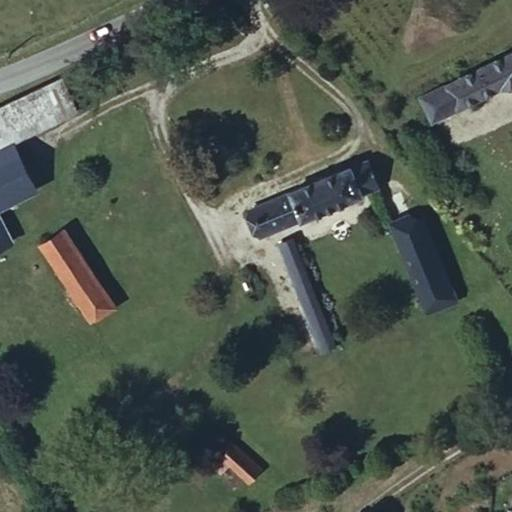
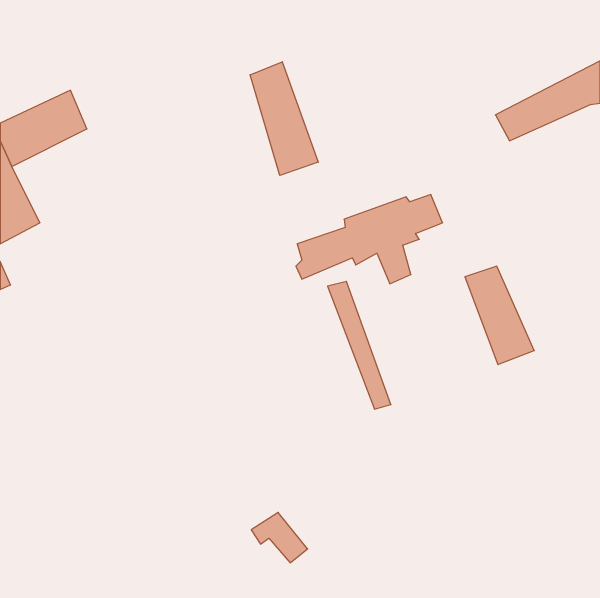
building: none -> [250,62,318,175]
building: [42,233,114,324] -> none

